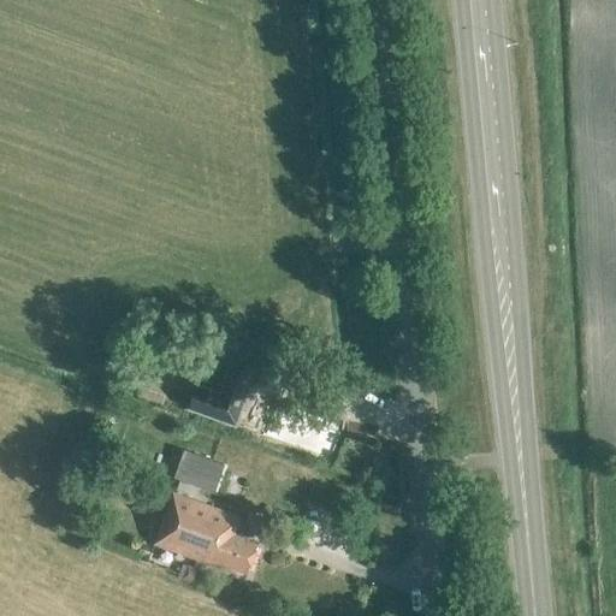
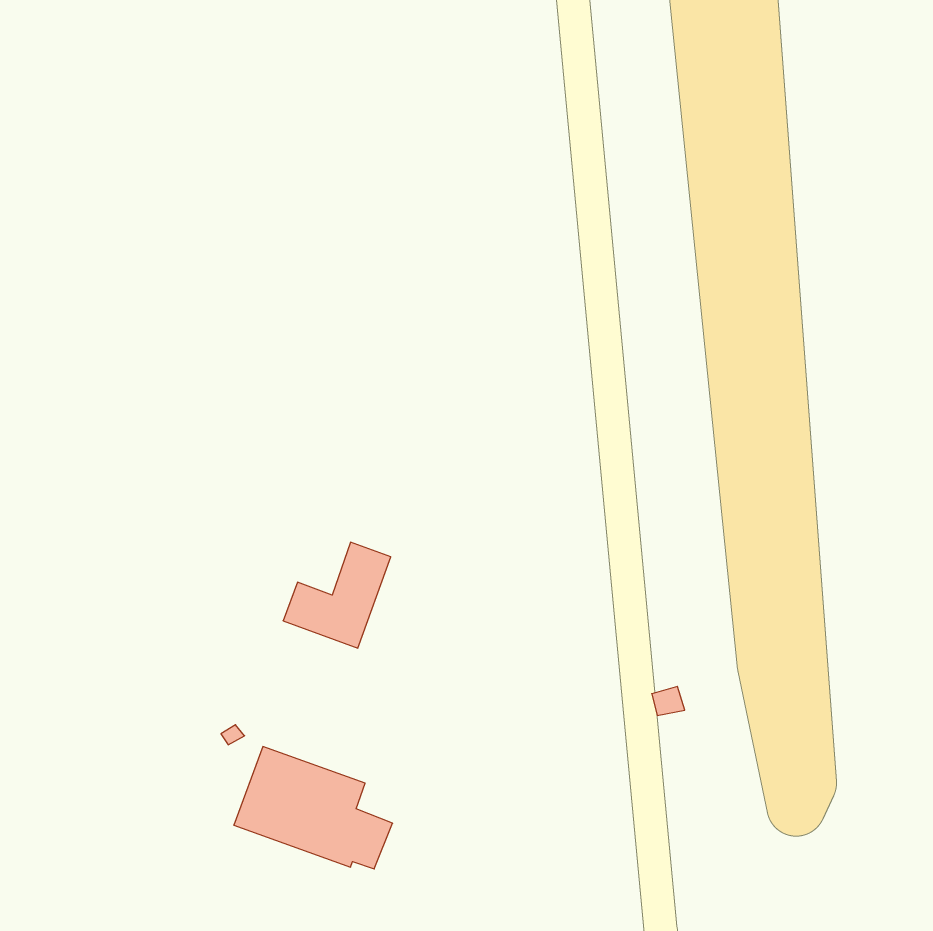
building: [173,449,223,491] -> none

